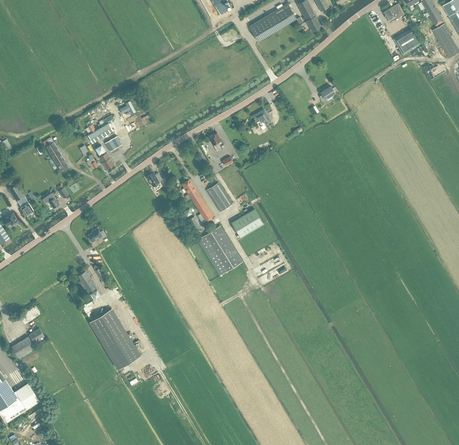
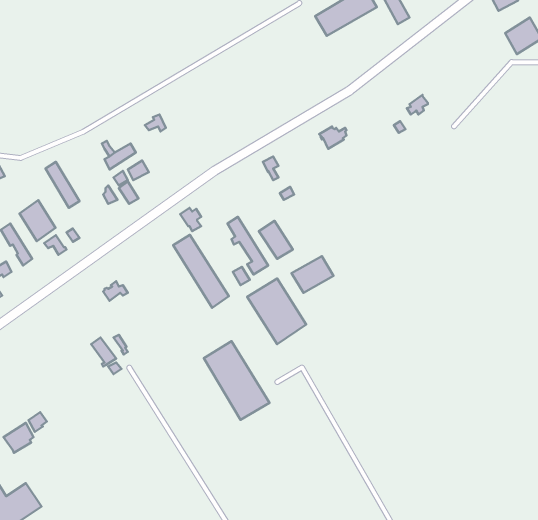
building: none -> [19,200,55,241]
building: none -> [173,235,229,308]
building: [89,309,139,369] -> [204,341,269,420]

